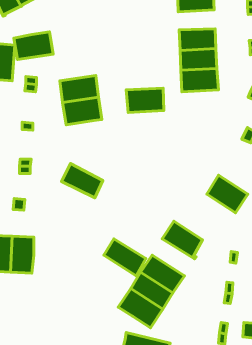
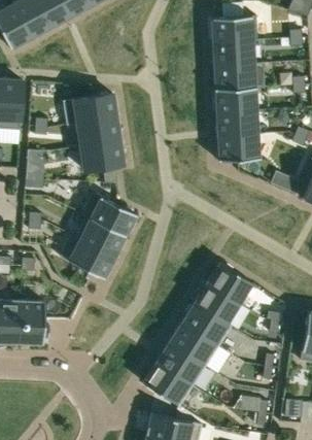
building: none -> [212,41,254,64]
building: [14,32,53,60] -> [72,91,117,123]
building: [126,88,164,112] -> [216,133,259,161]
building: none -> [89,195,138,237]
building: [207,175,248,213] -> [207,262,254,305]
building: none -> [68,238,116,278]
building: [104,239,146,276] -> [182,304,231,346]

